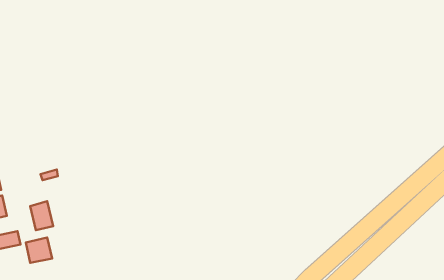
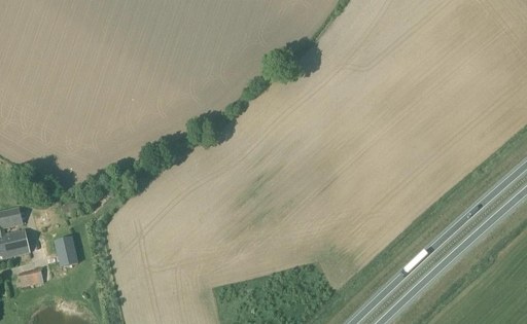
building: [26,237,52,263] -> none

